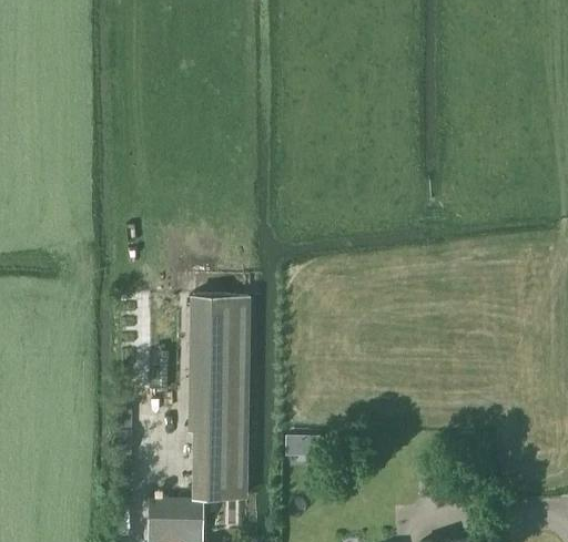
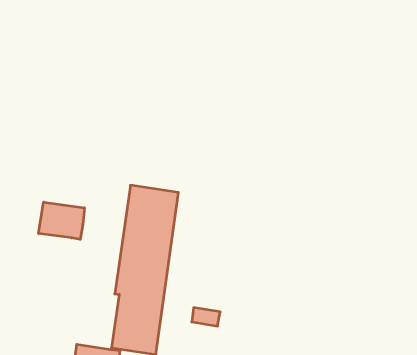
building: none -> [39,202,84,239]

